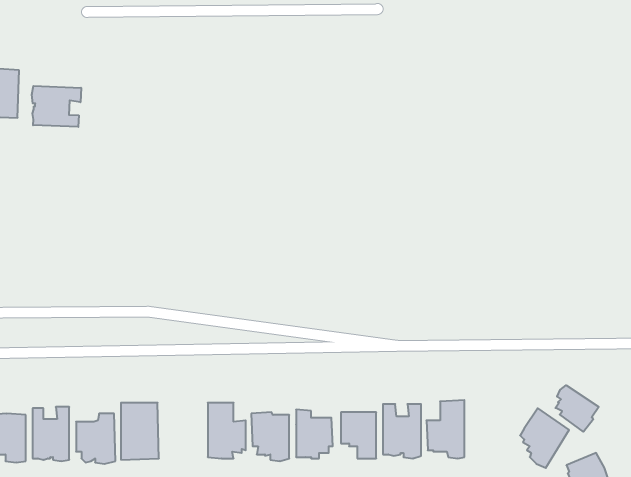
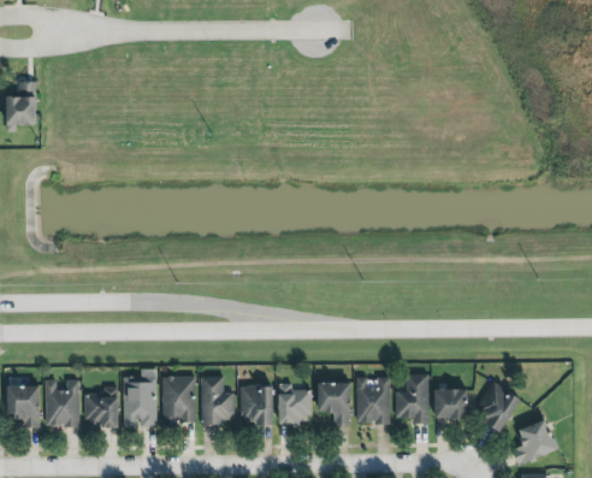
building: [32,86,81,127] -> none
building: [555,385,599,432] -> none
building: none -> [162,377,196,429]
building: none -> [434,390,468,423]

